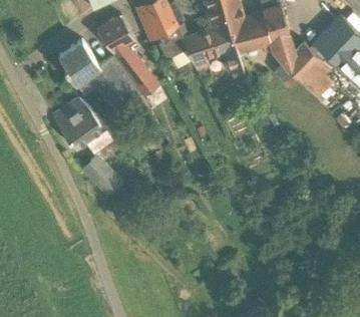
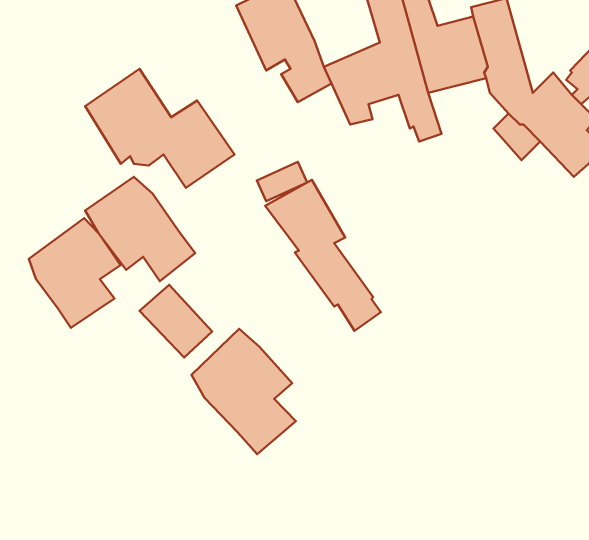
building: [95,14,157,95] -> [265,180,381,331]
building: none -> [29,218,120,328]
building: none -> [191,329,296,454]

